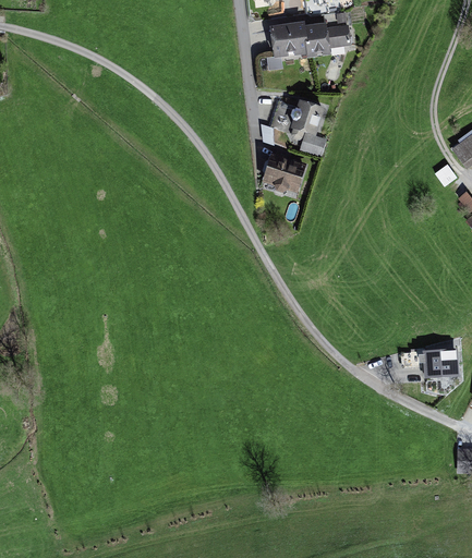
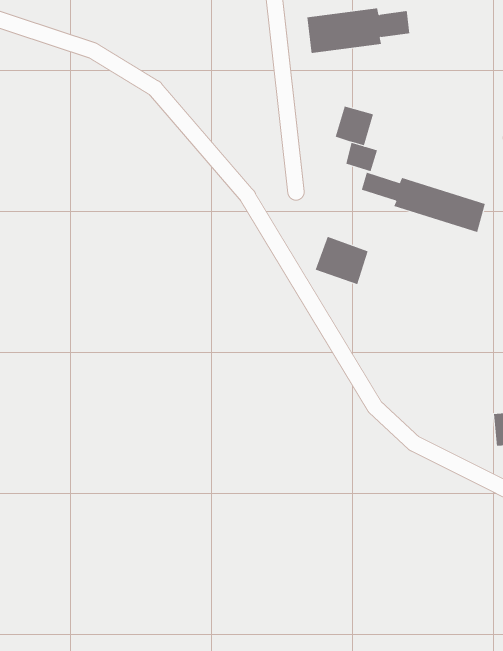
building: [263,154,306,193] -> [315,236,369,285]
building: none -> [361,172,486,233]

